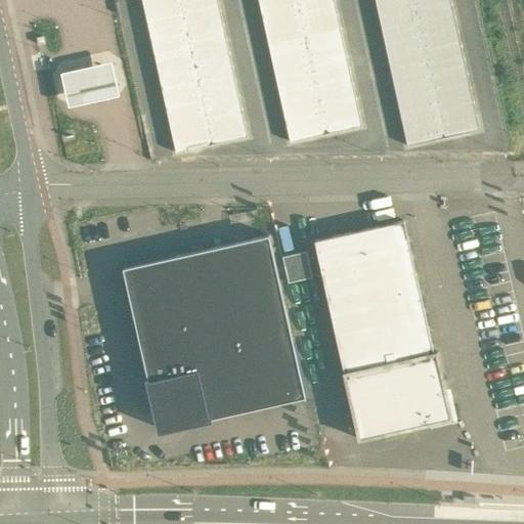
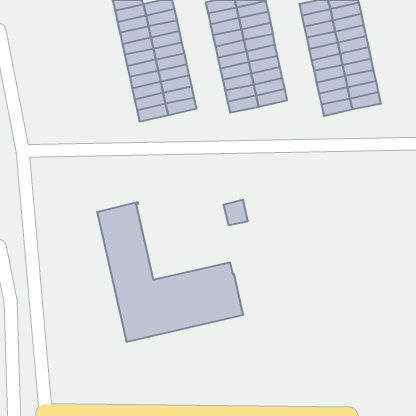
building: [58,59,116,106] -> none
building: [313,221,450,440] -> none
building: [171,235,289,352] -> none

